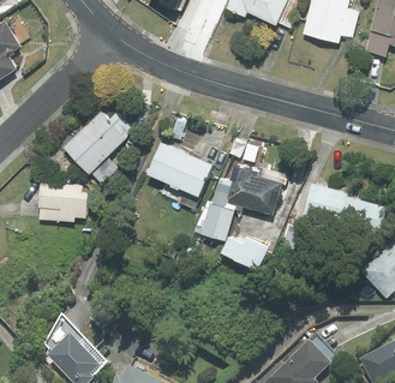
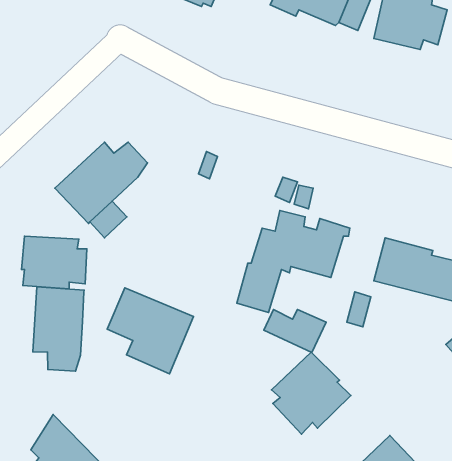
building: [146,143,211,208] -> [107,288,193,374]
building: none -> [33,287,84,371]
building: none -> [272,352,351,434]

